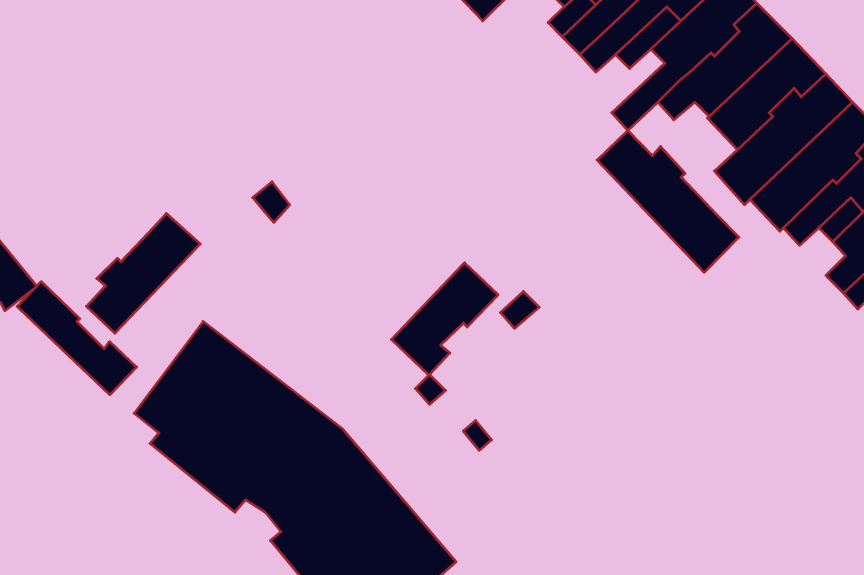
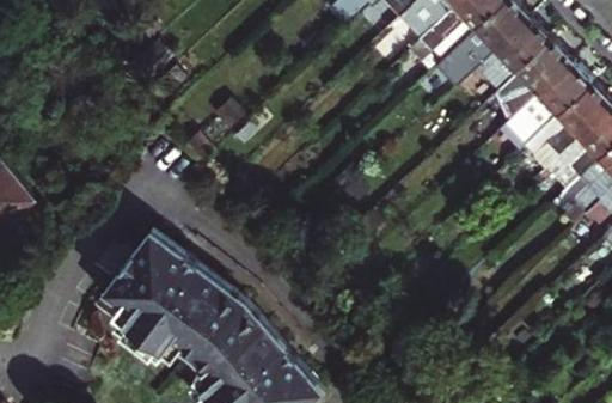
building: [597,130,739,272] -> none
building: [86,213,200,333] -> none
building: [391,263,498,375] -> none
building: [17,282,137,395] -> none

